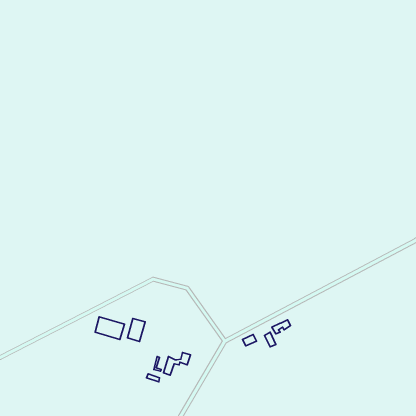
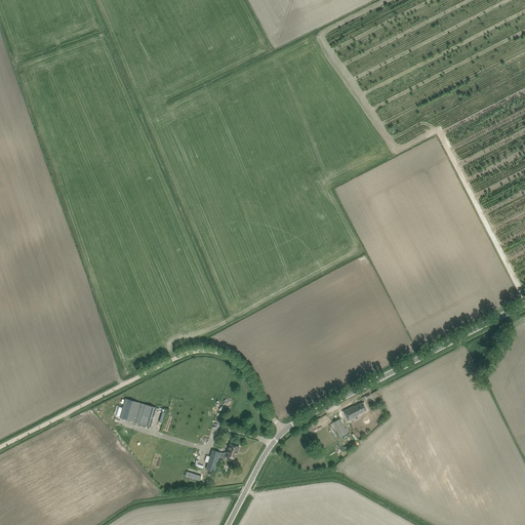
building: [128,319,145,342] -> none

